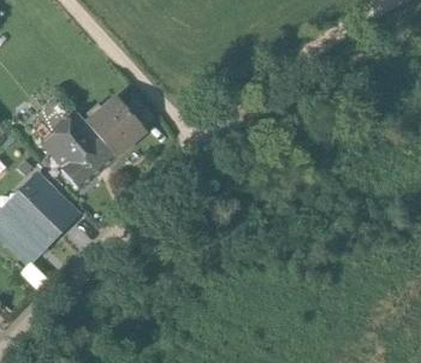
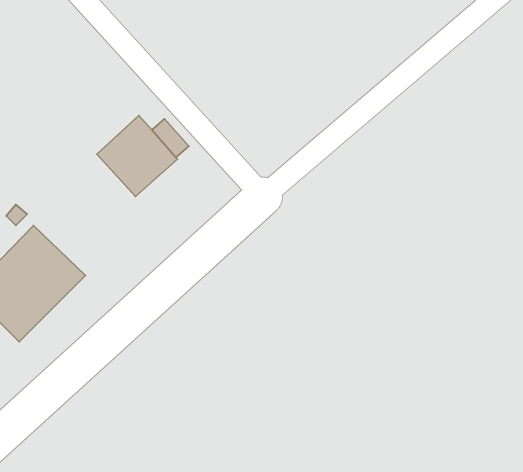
building: [42,113,114,190] -> none

